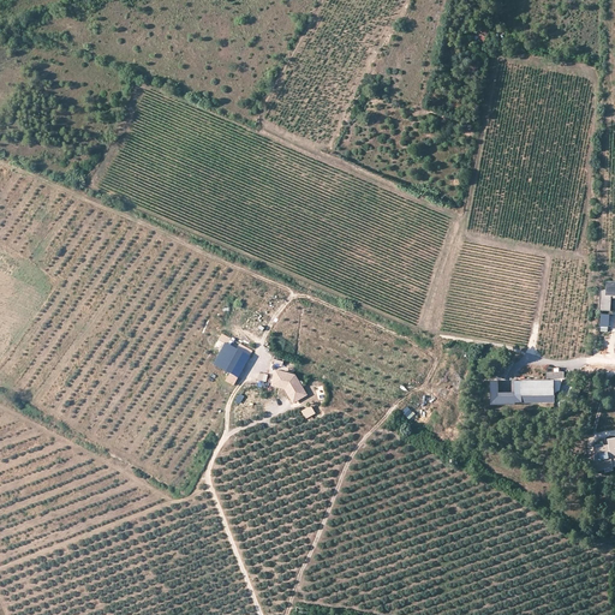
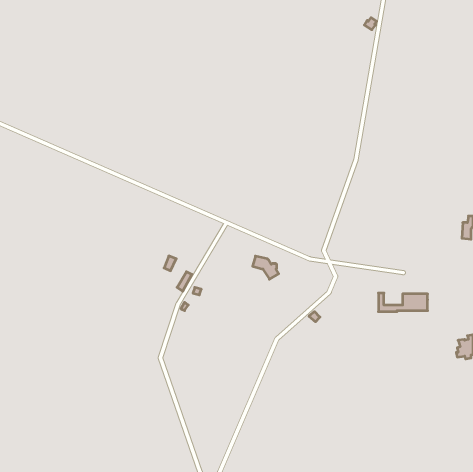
building: [271,369,305,399] -> [253,256,279,279]

